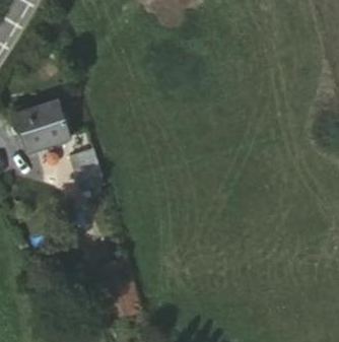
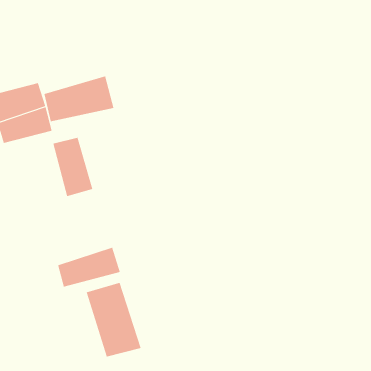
building: none -> [44,76,114,122]
building: none -> [57,247,120,288]

